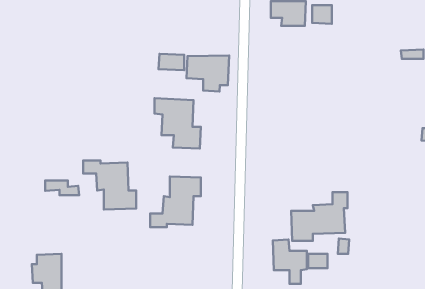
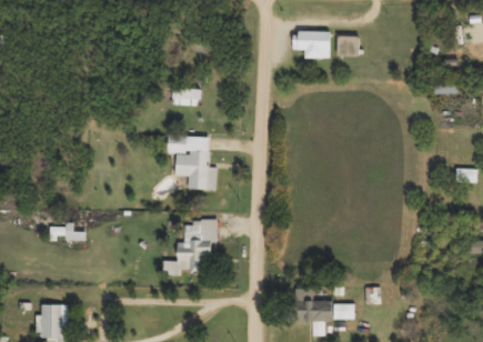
building: [186,55,229,91] -> none
building: [83,161,136,210] -> none
building: [291,192,347,241] -> none

